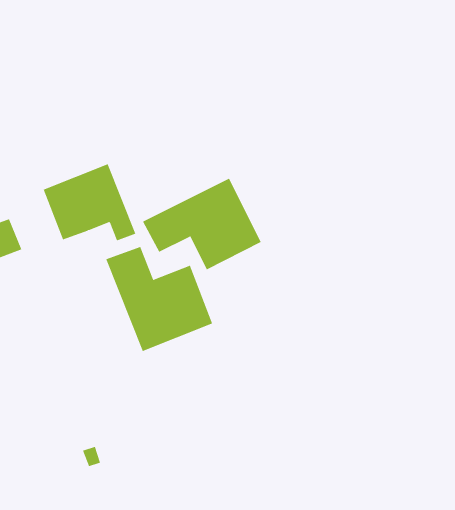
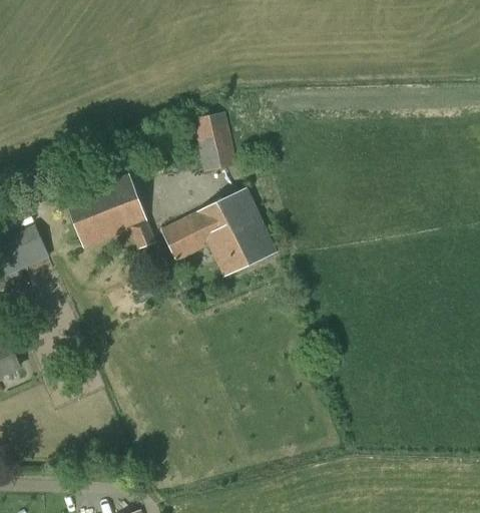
building: none -> [192,111,235,169]
building: [105,246,213,352] -> none

